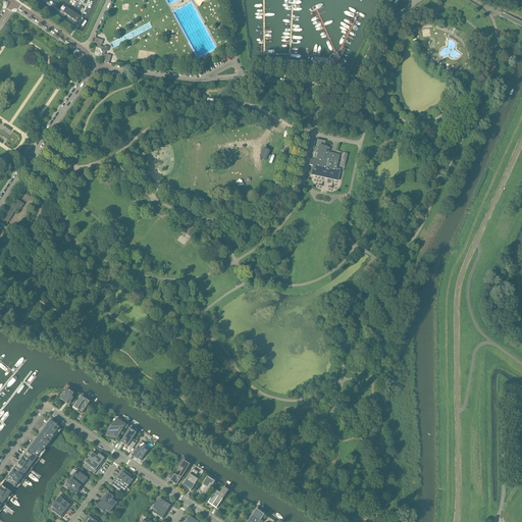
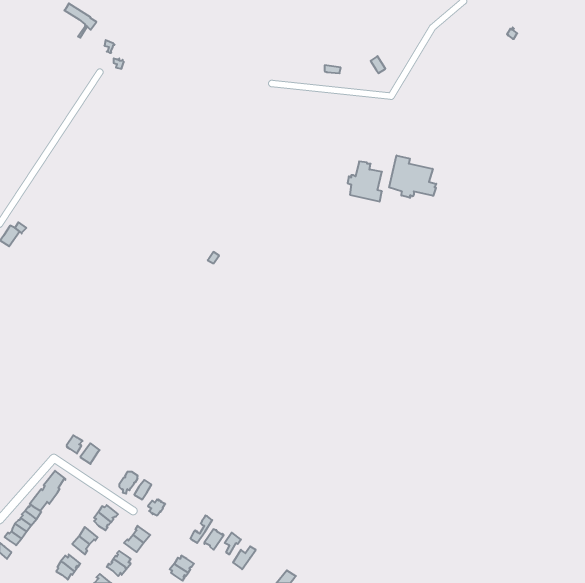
building: none -> [389,155,436,198]

